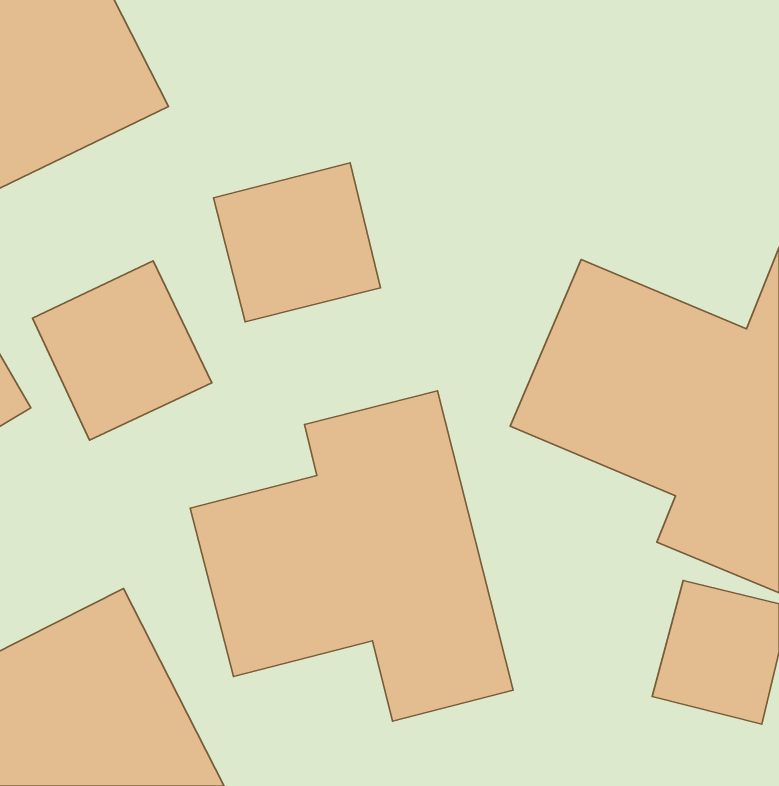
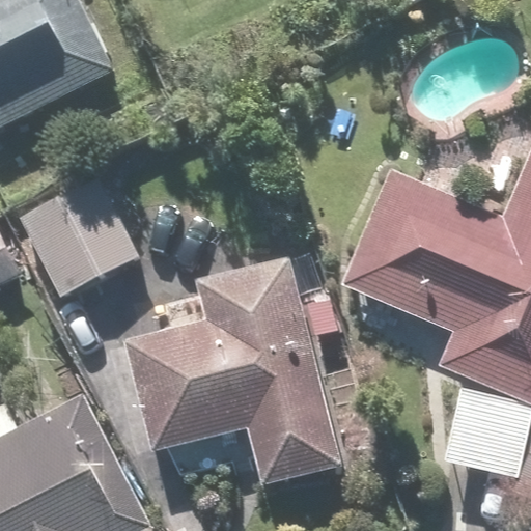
building: [213,163,381,322] -> none

